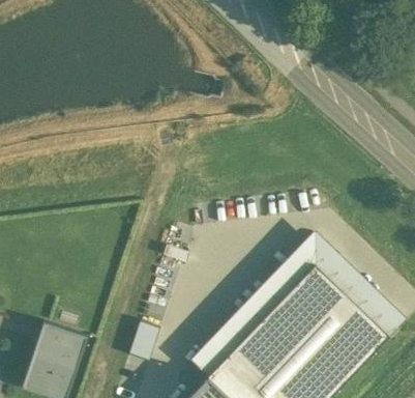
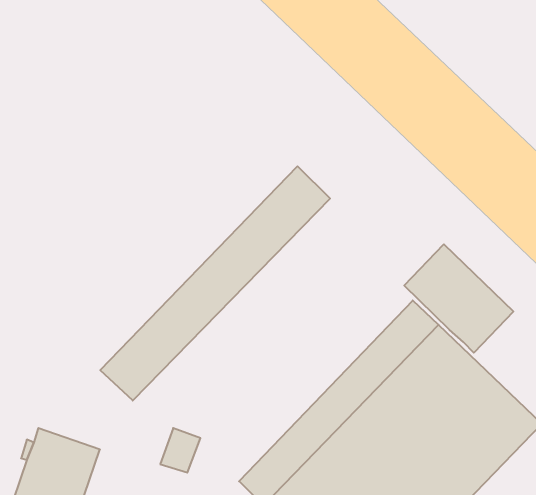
building: none -> [100,166,330,401]
building: none -> [404,244,513,353]

